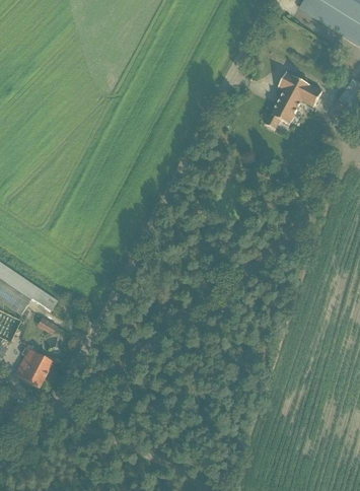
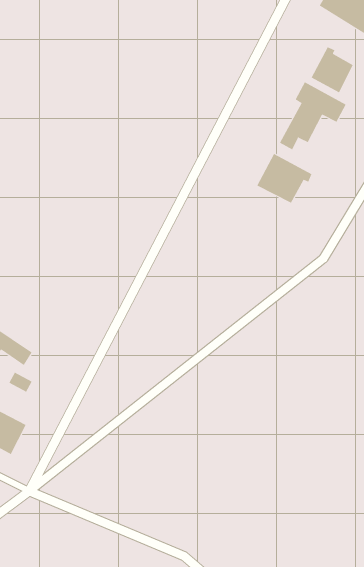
building: none -> [311,47,354,93]
building: none -> [257,153,312,203]

